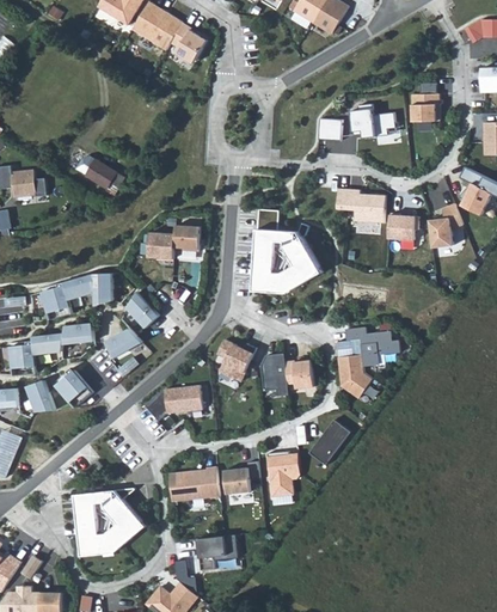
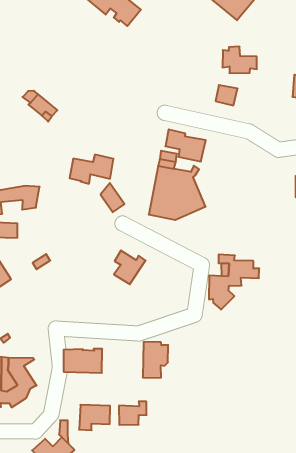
building: [348,103,393,137] -> [222,47,257,73]
building: [335,188,384,222] -> [165,129,206,162]
building: [386,213,417,239] -> none
building: [125,292,157,328] -> [101,183,124,212]
building: [104,329,140,357] -> none
building: [264,353,313,396] -> none
building: [164,385,201,414] -> none
building: [309,418,351,465] -> none
building: [222,458,258,491] -> [119,401,147,425]

